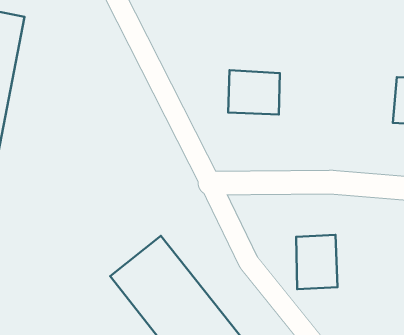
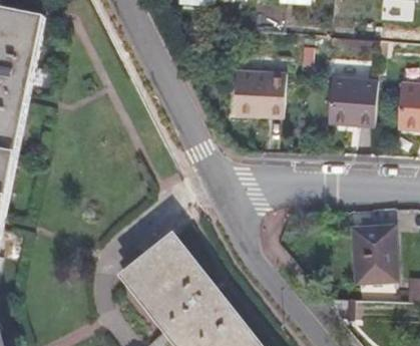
building: none -> [331,77,381,125]
building: [296,235,337,289] -> [356,228,397,282]

